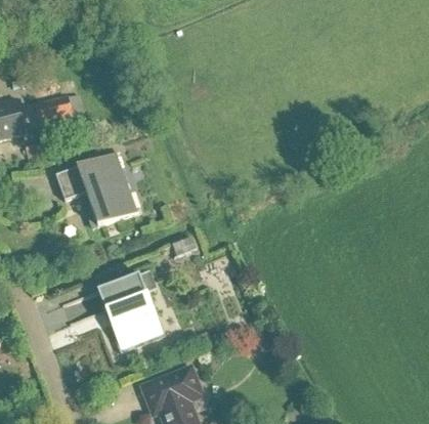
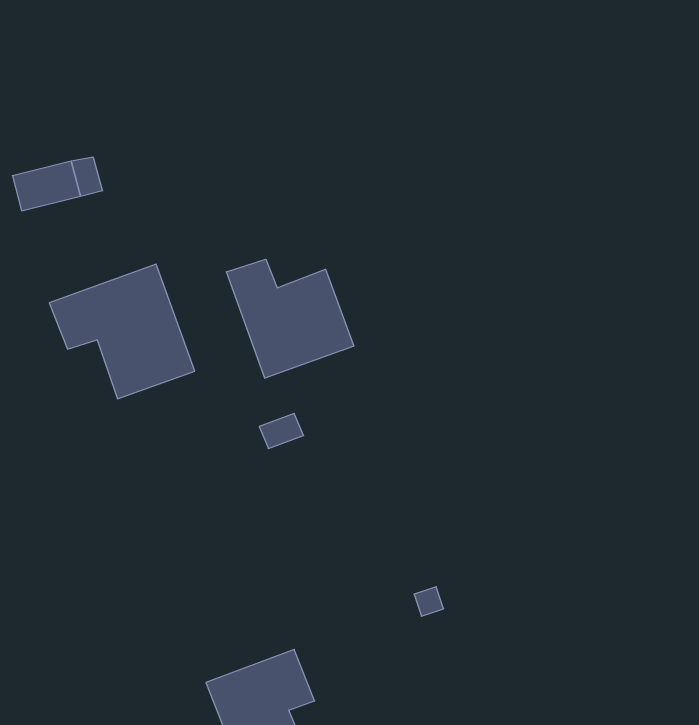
building: none -> [226,259,354,378]
building: [98,271,164,347] -> none

